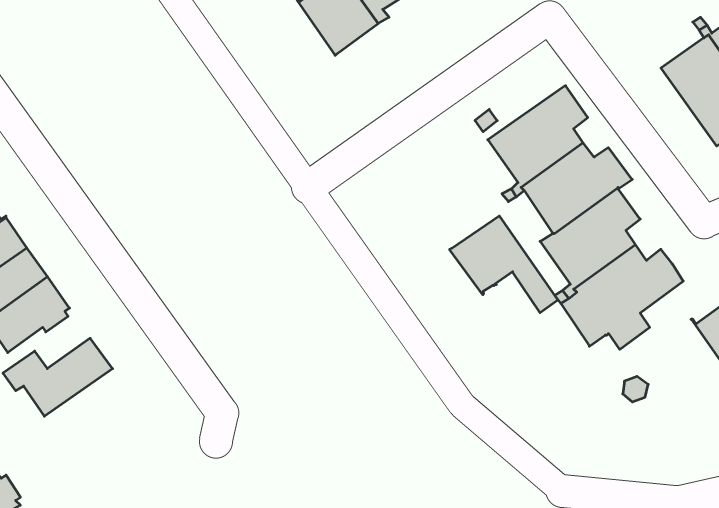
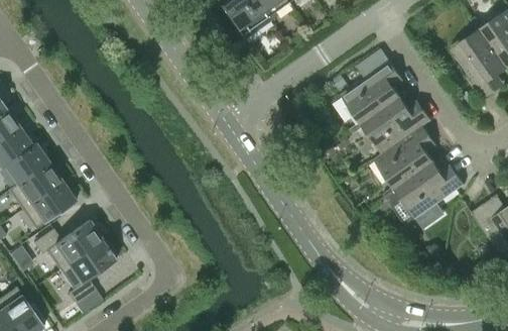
building: [450,216,558,313] -> none
building: none -> [59,238,117,303]

